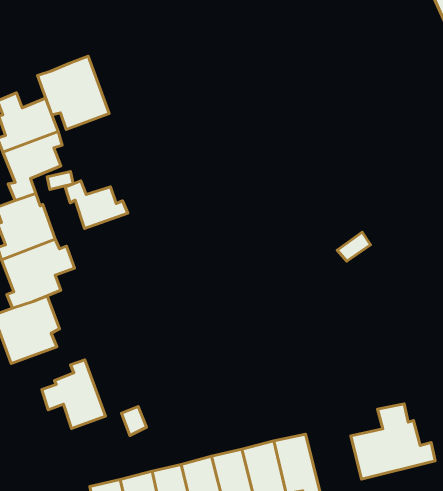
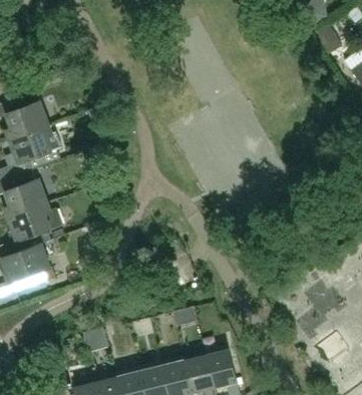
building: [37,56,109,130] -> none
building: [65,181,128,229] -> none
building: [42,360,105,429] -> none
building: [351,404,435,479] -> none

